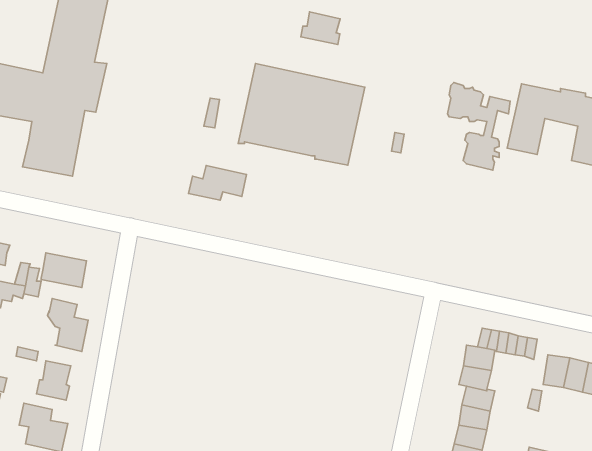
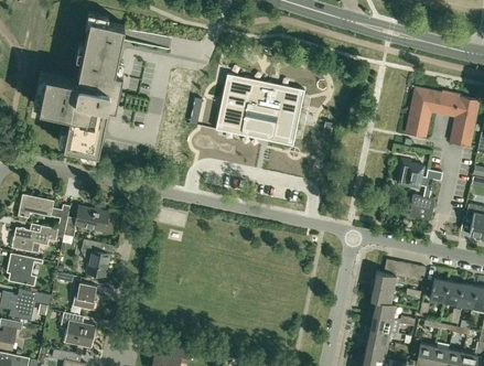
building: [301,12,340,45] -> none
building: [448,82,510,170] -> [398,160,442,222]
building: [189,166,247,200] -> none

